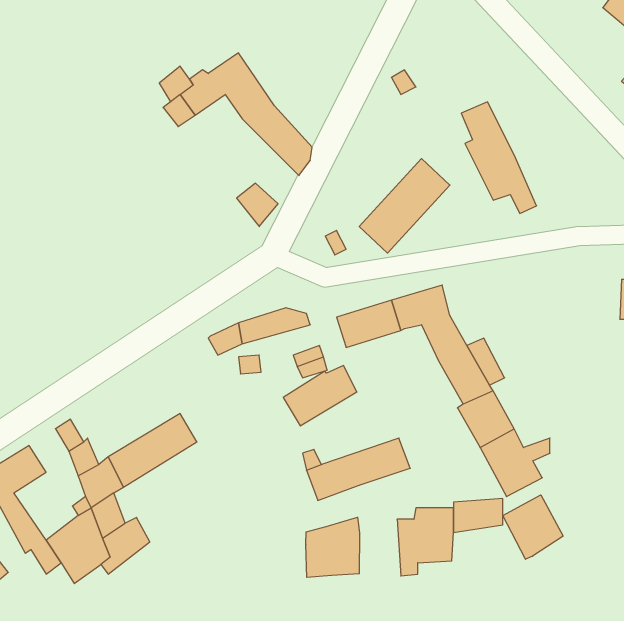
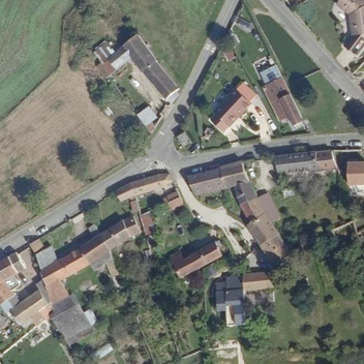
building: none -> [276,153,339,174]
building: [283,366,357,426] -> [101,214,142,247]
building: [503,495,563,559] -> none
building: [306,517,360,577] -> none
building: none -> [62,302,97,339]

